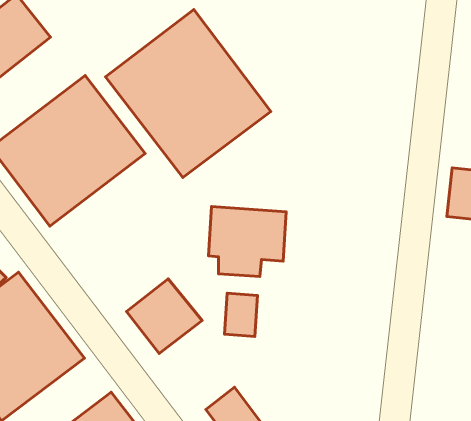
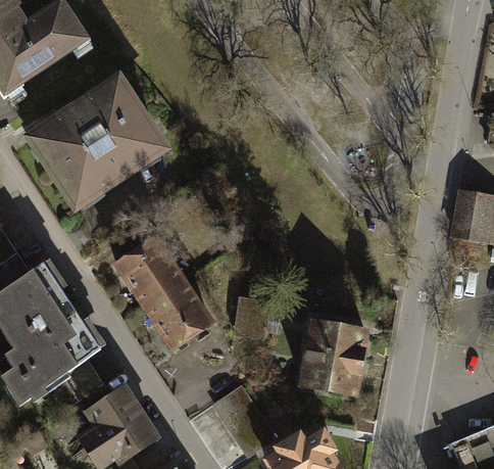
building: [106,10,271,178] -> none
building: [208,206,286,276] -> none
building: none -> [113,234,185,307]
building: none -> [297,313,372,395]

